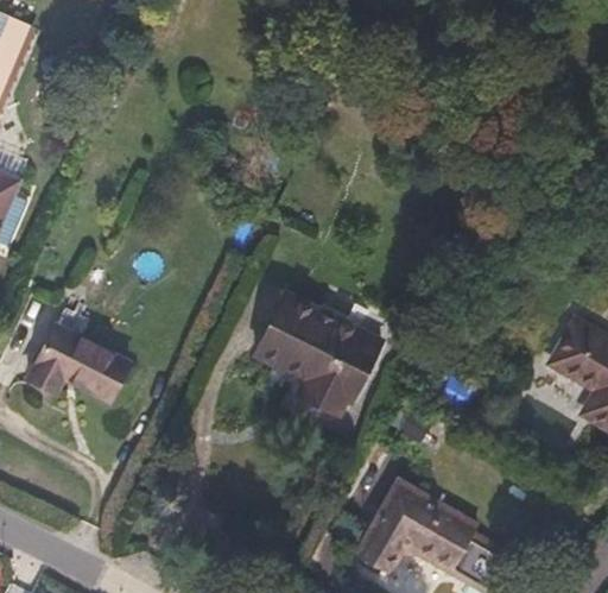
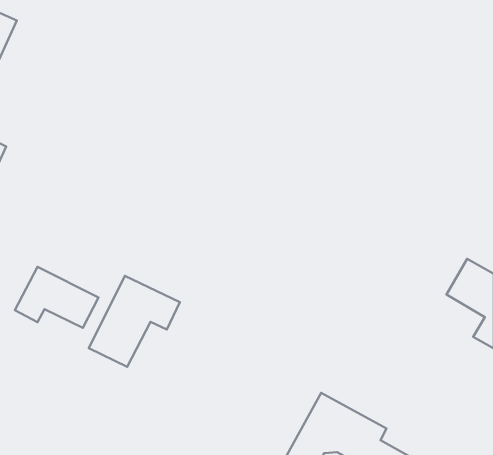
building: [256,297,381,417] -> none
building: none -> [89,276,180,367]

